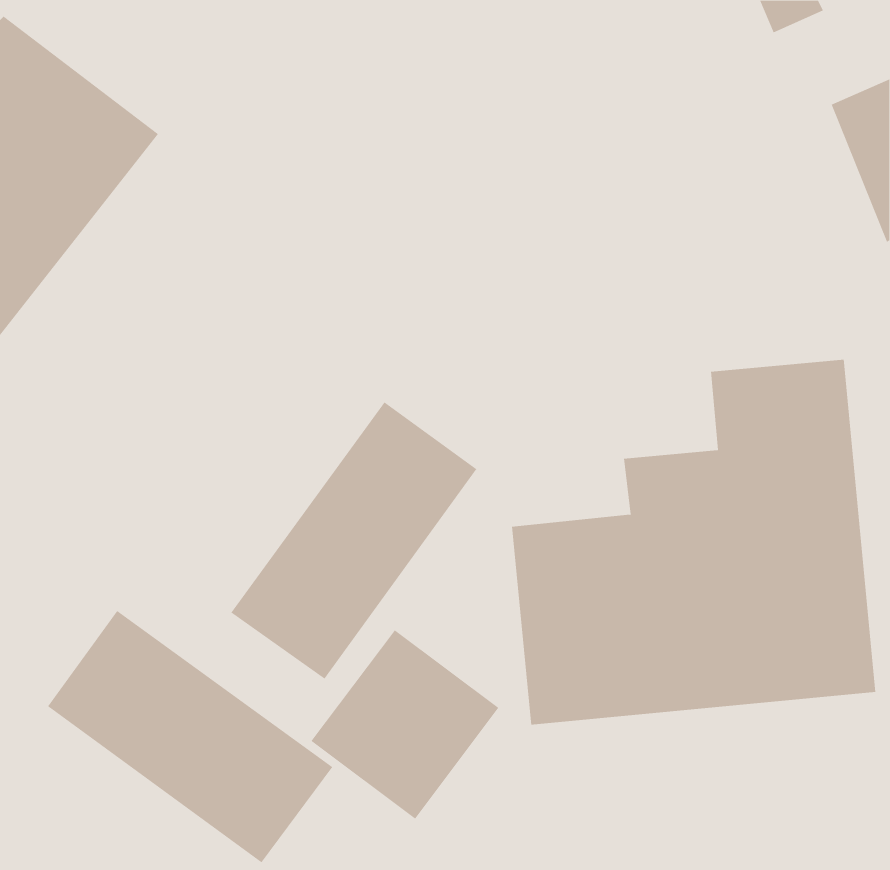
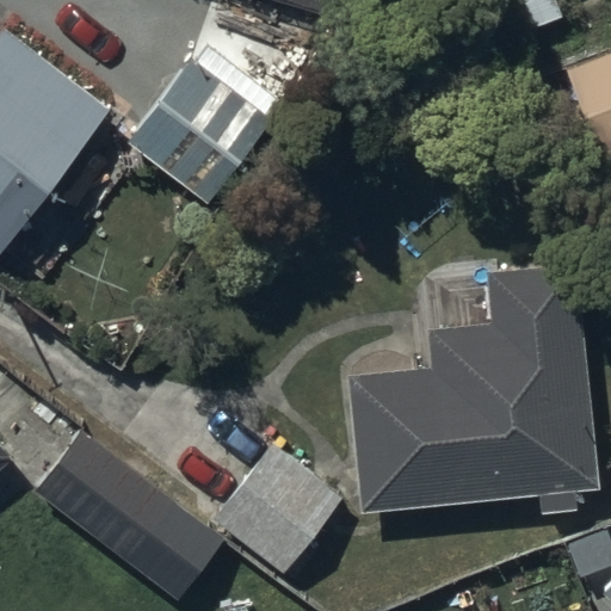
building: none -> [132,49,283,204]
building: [231,402,477,679] -> none

